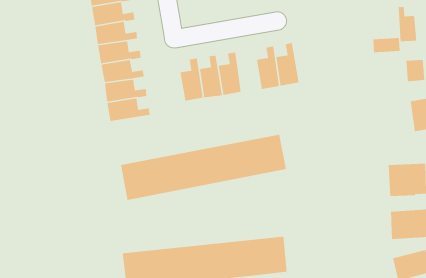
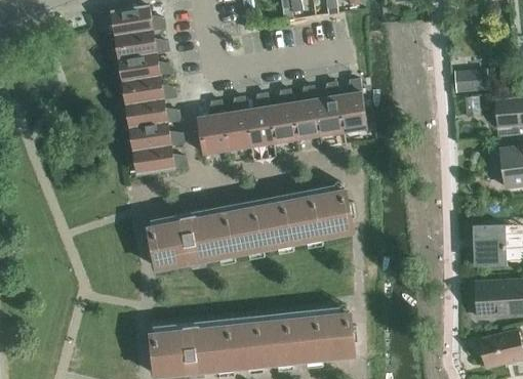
building: [398,6,417,42] -> none
building: none -> [291,87,320,139]
building: none -> [197,101,228,155]

